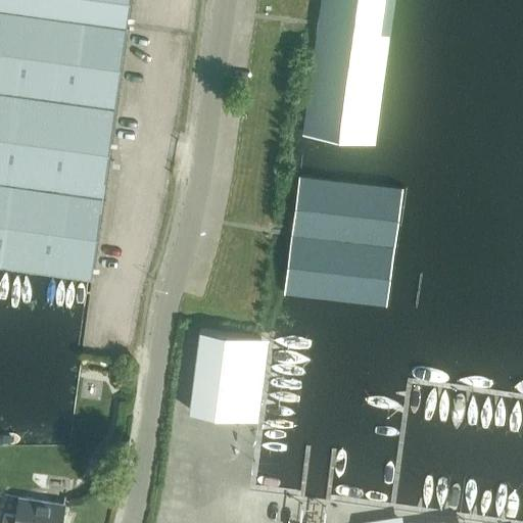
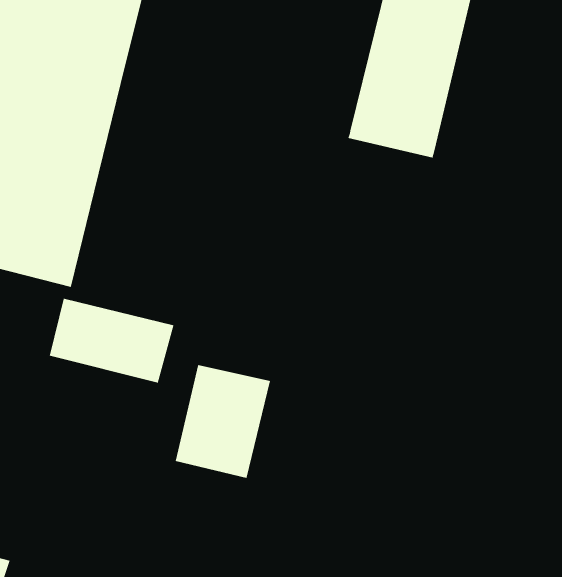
building: [283,178,403,306] -> none
building: none -> [49,298,174,384]

